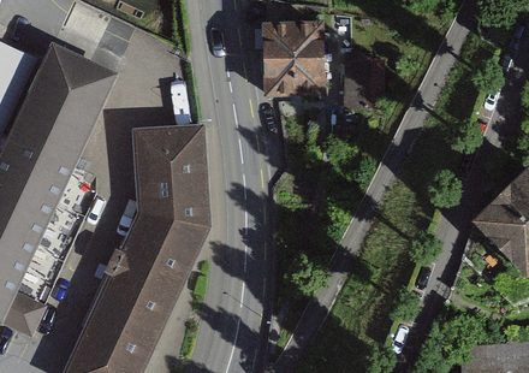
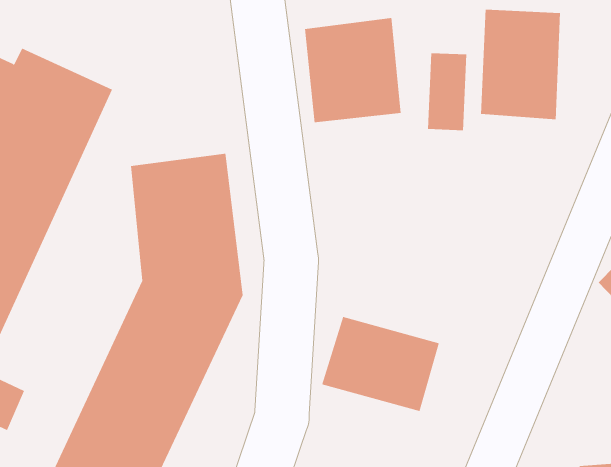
building: none -> [481,9,561,120]
building: none -> [322,316,440,412]

